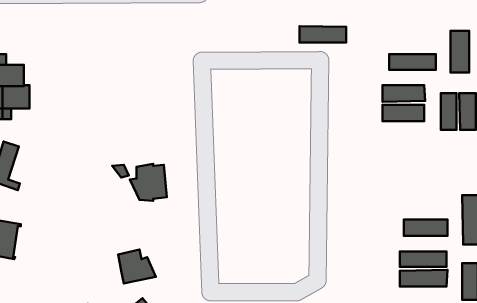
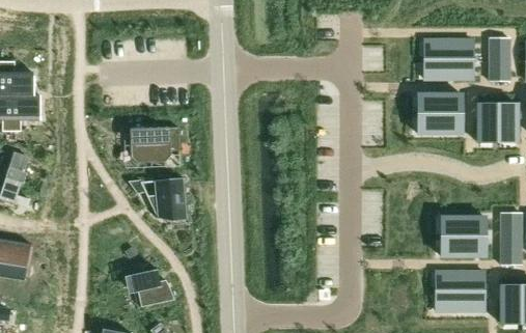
building: [300,26,346,43] -> [423,39,473,57]
building: none -> [130,127,178,162]
building: none -> [440,217,486,234]

